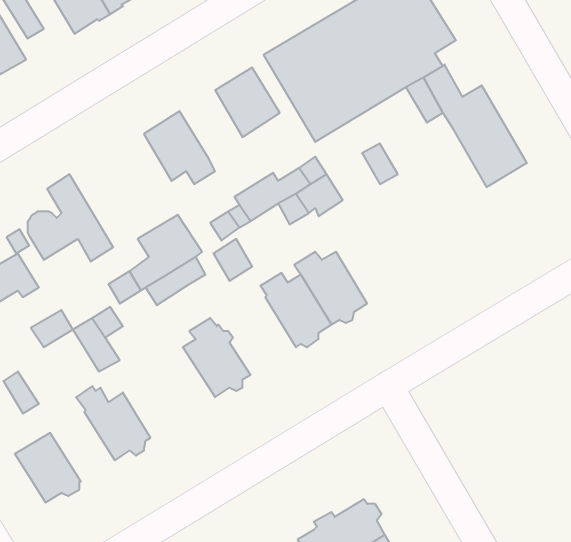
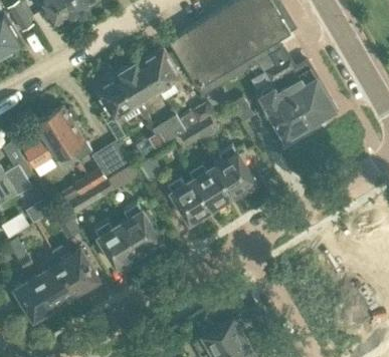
building: none -> [117,61,158,107]
building: none -> [261,86,310,138]
building: none -> [50,108,92,161]
building: none -> [216,146,257,197]
building: none -> [96,223,141,268]
building: none -> [38,264,78,307]

